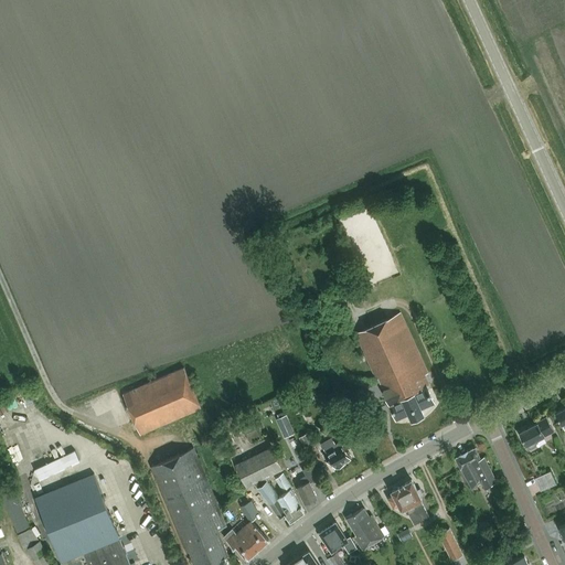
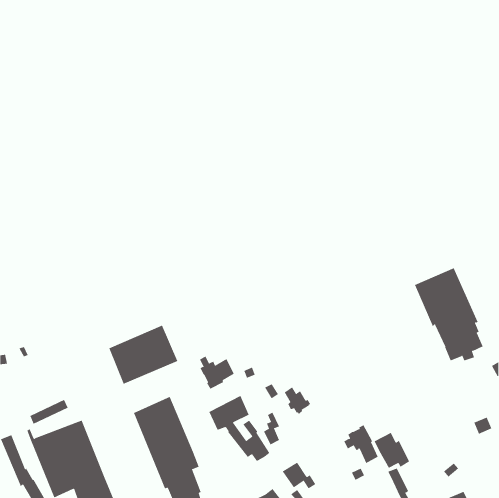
building: [354,315,433,420] -> [414,267,484,361]
building: none -> [199,356,235,390]
building: [519,419,552,450] -> none
building: [455,449,495,490] -> [374,432,410,468]
building: [223,502,267,559] -> none
building: [344,509,383,551] -> none

